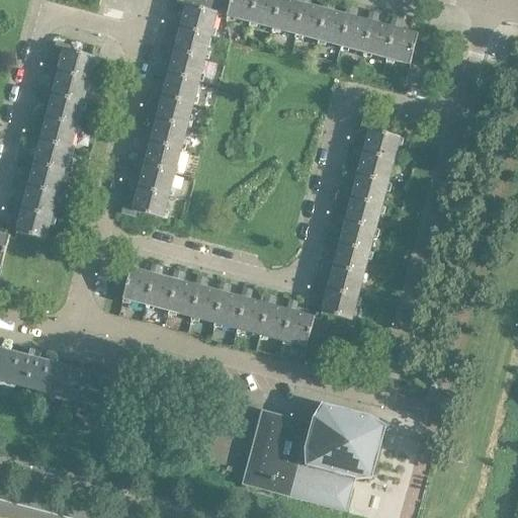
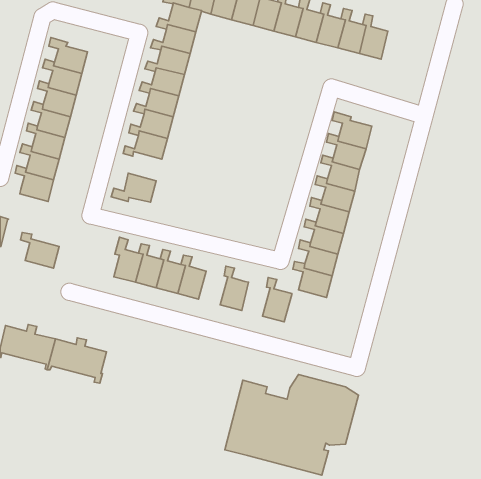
building: [126,163,174,194] -> none
building: [10,201,52,240] -> [20,232,59,268]
building: [213,280,245,328] -> none
building: [260,292,290,340] -> none

